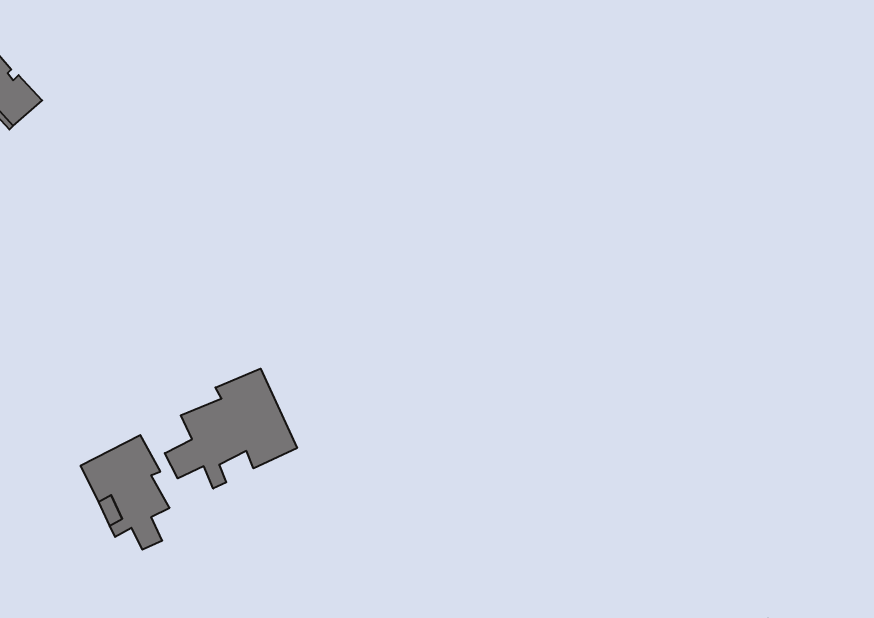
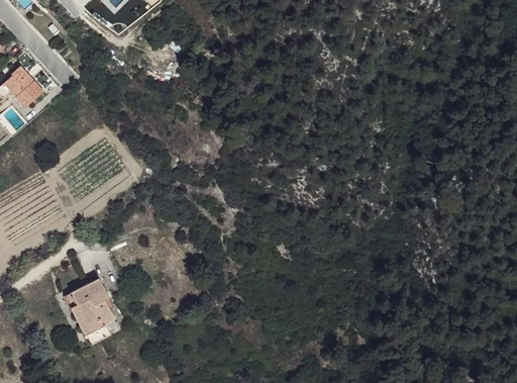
building: [165,369,297,489] -> none

